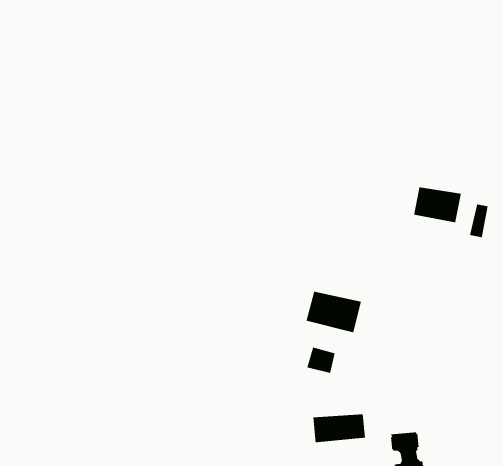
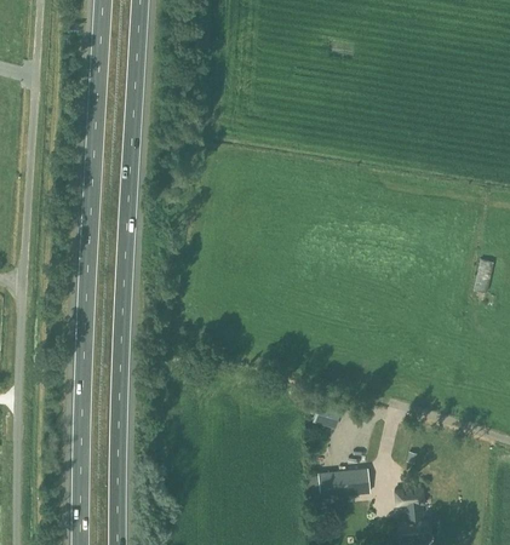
building: [414,187,461,223] -> none
building: [306,291,362,333] -> none

